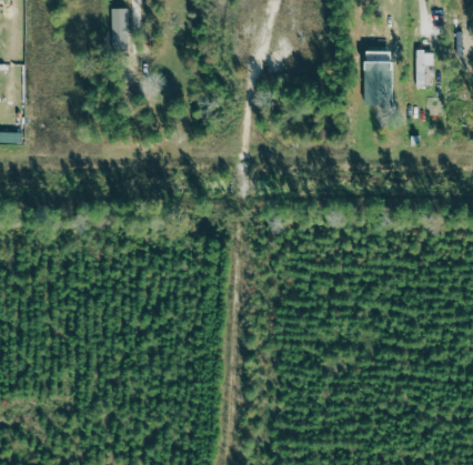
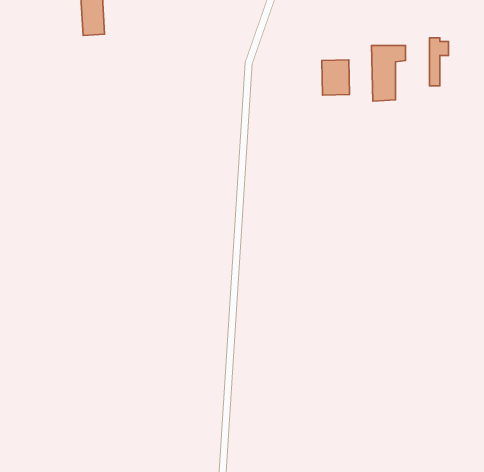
building: none -> [322,60,350,95]

